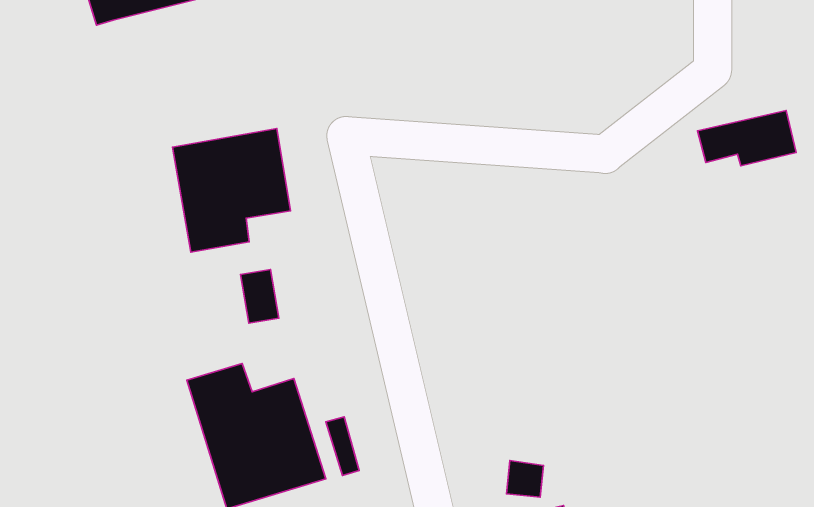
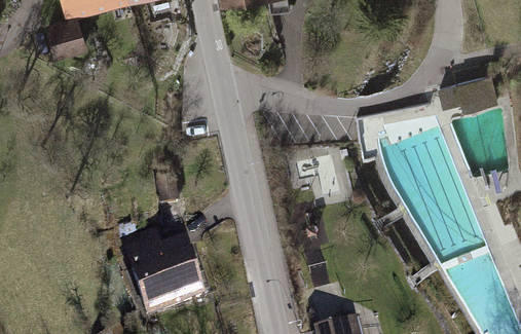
building: none -> [46,17,87,61]
building: [173,129,291,252] -> none

